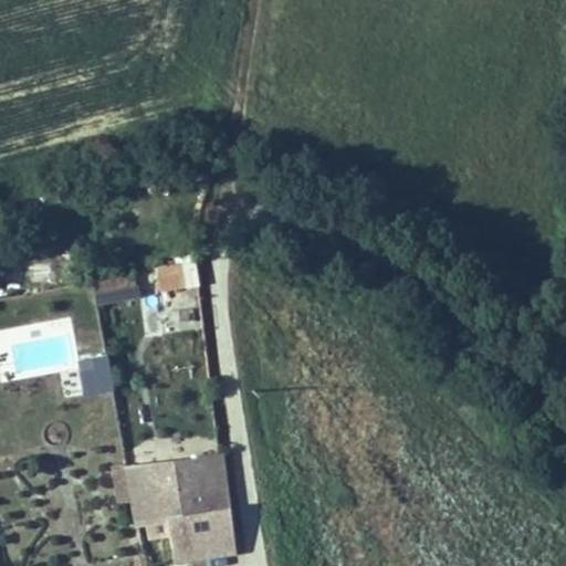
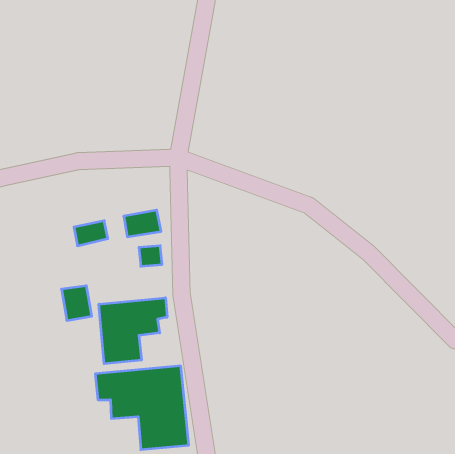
building: none -> [99,298,167,364]

